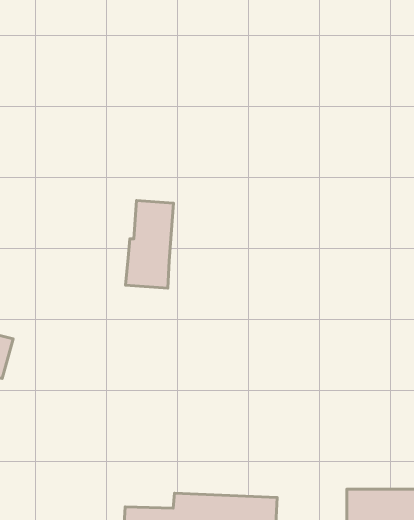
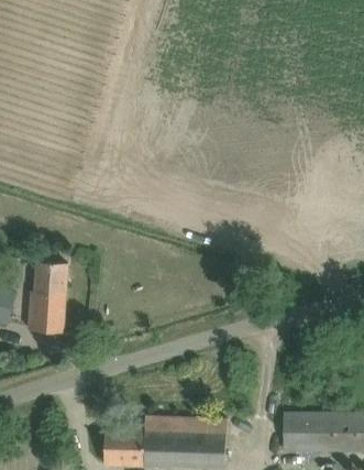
building: [126,201,173,288] -> [29,262,67,332]

